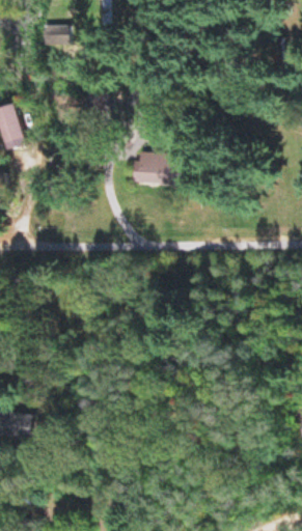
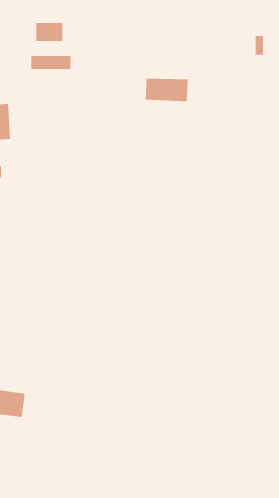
building: none -> [31,55,71,70]
building: [133,159,179,184] -> [145,78,188,102]

